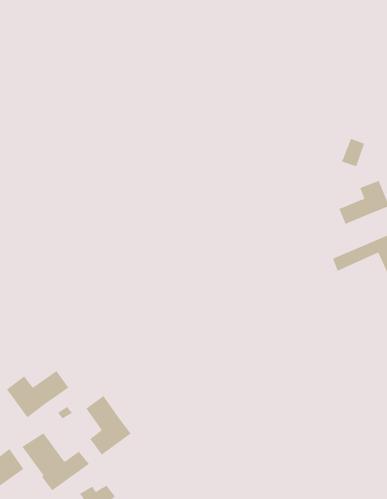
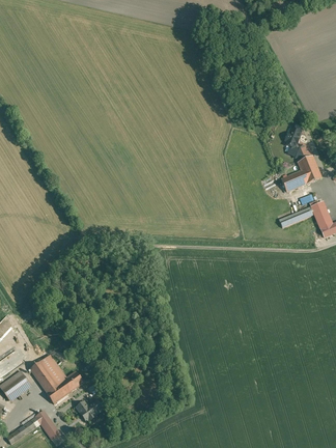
building: [6,370,69,418] -> none
building: [85,395,131,456] -> none

